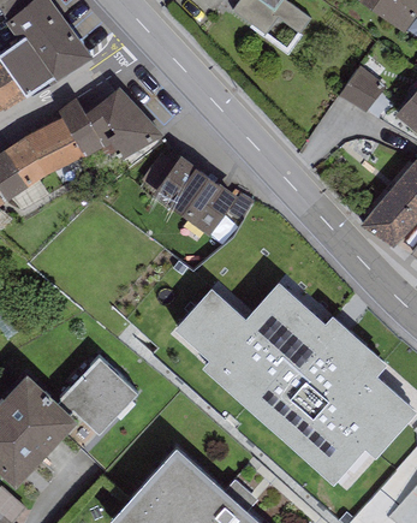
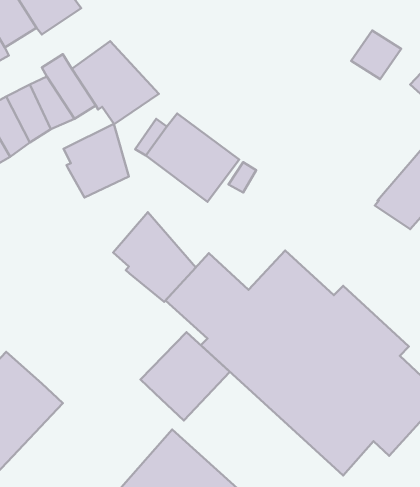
building: none -> [64,124,129,198]
building: none -> [113,212,196,302]
building: [54,353,136,434] -> [140,332,230,420]

